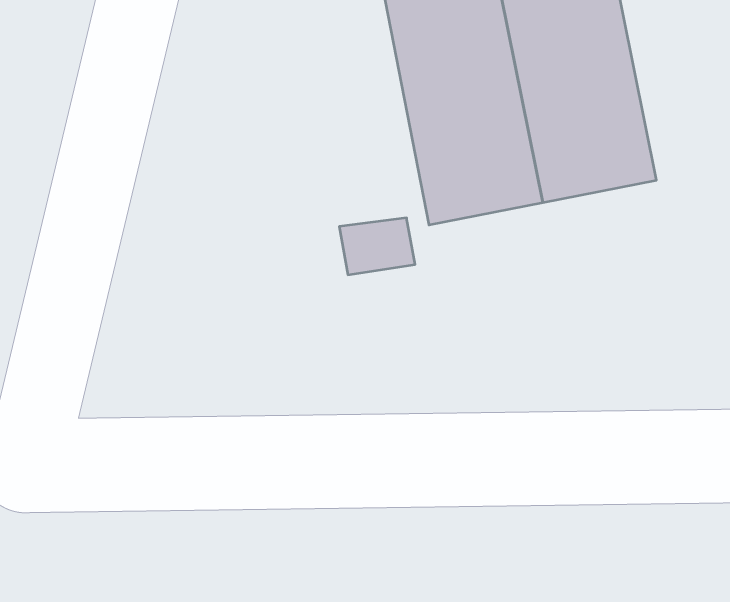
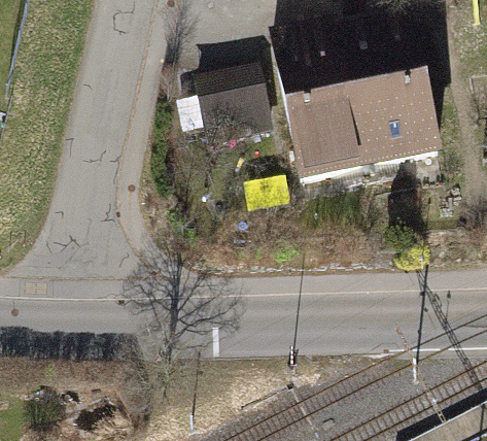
building: none -> [200,70,273,138]

